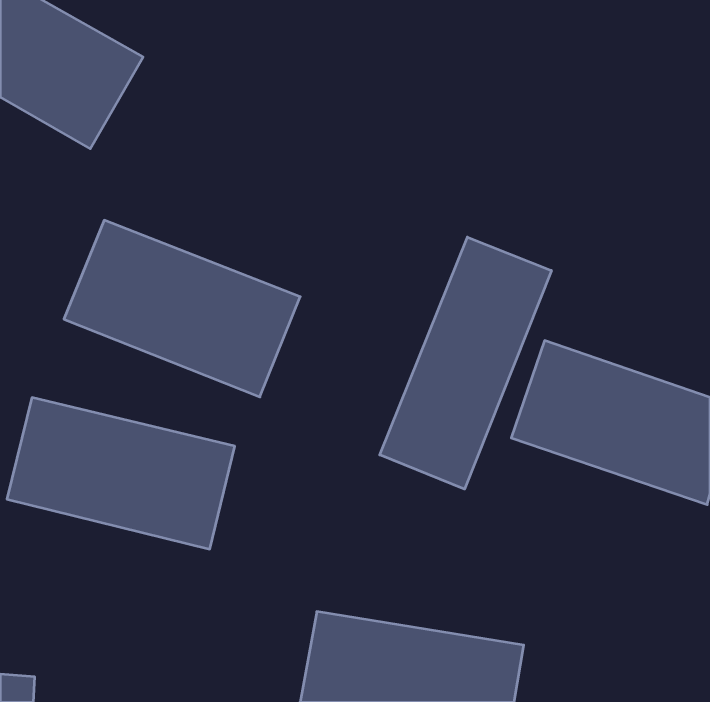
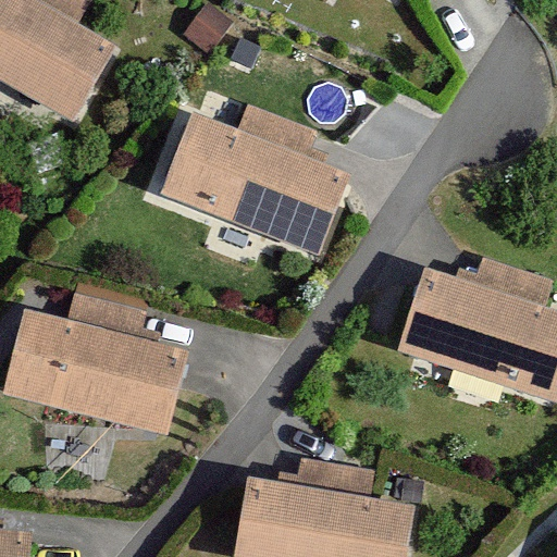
building: [64,220,300,397] -> [161,112,346,250]
building: [380,237,551,489] -> none

